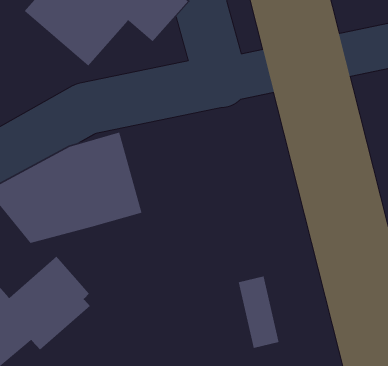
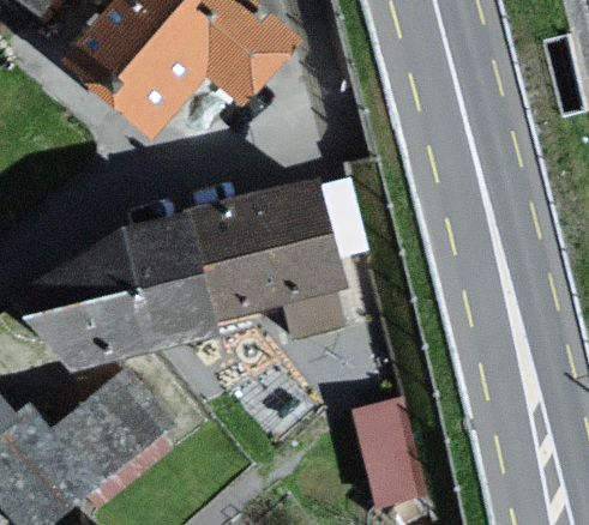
building: none -> [200,180,350,334]

